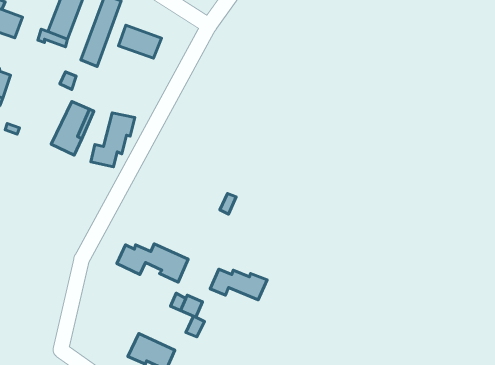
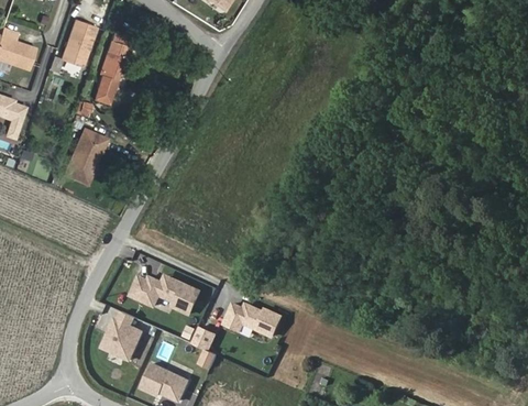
building: [118,25,161,58] -> none
building: [91,113,135,167] -> none
building: none -> [103,309,144,358]

